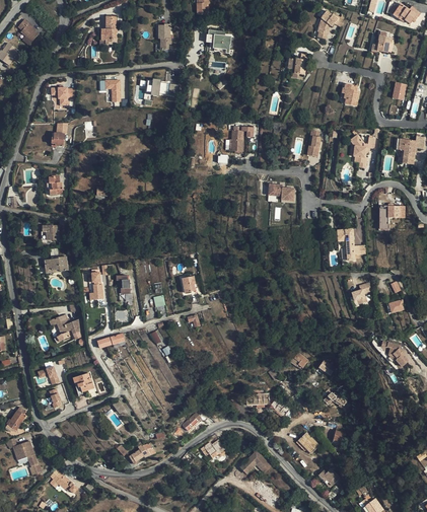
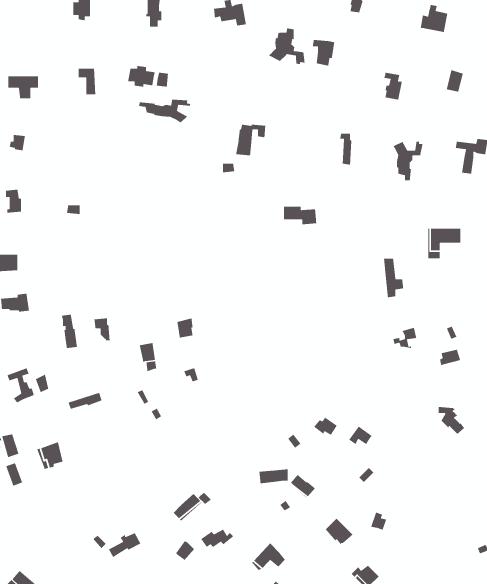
building: none -> [268,27,306,65]
building: none -> [138,99,191,123]

